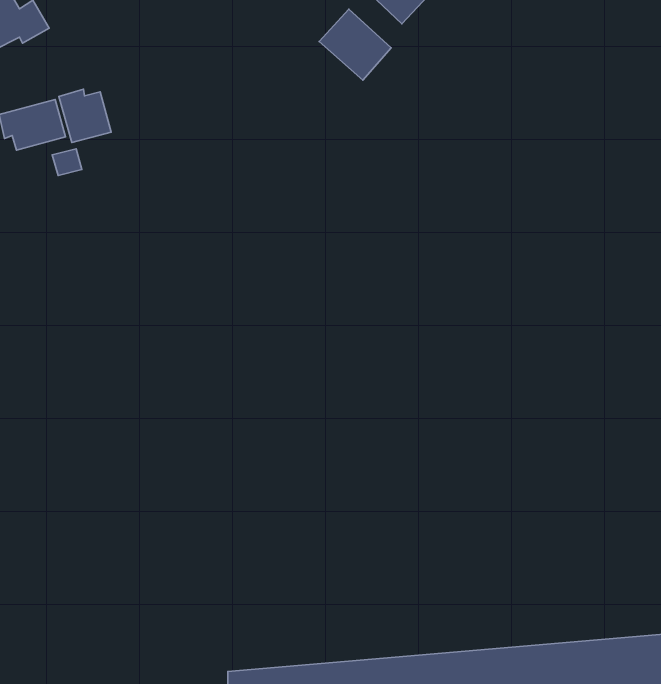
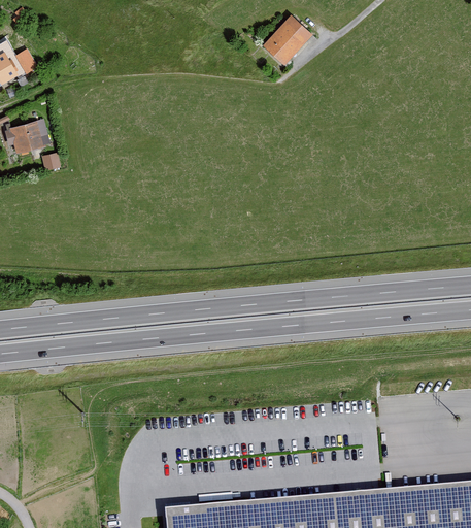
building: [319,9,391,80] -> none
building: [59,89,111,143] -> none

